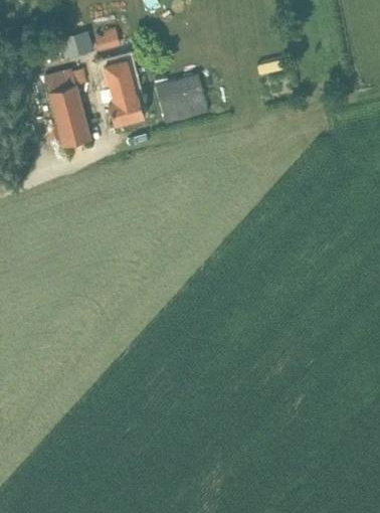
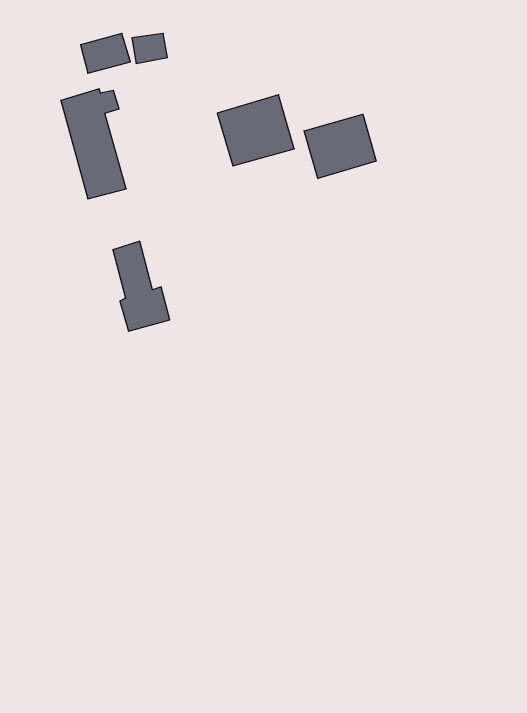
building: [104,62,144,126] -> [113,241,170,331]
building: none -> [304,114,376,179]

